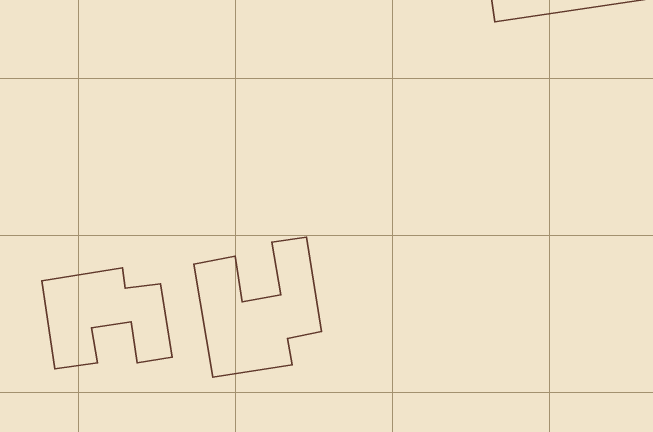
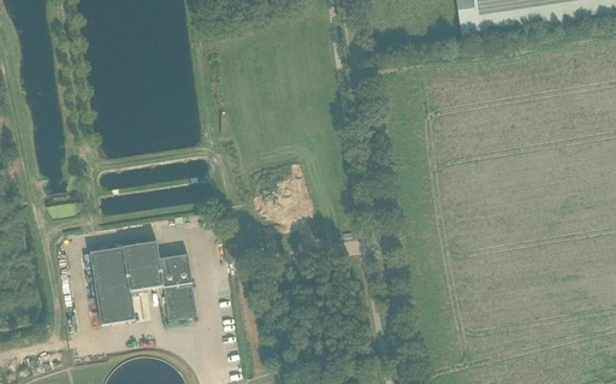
building: [194,237,322,377] -> none

